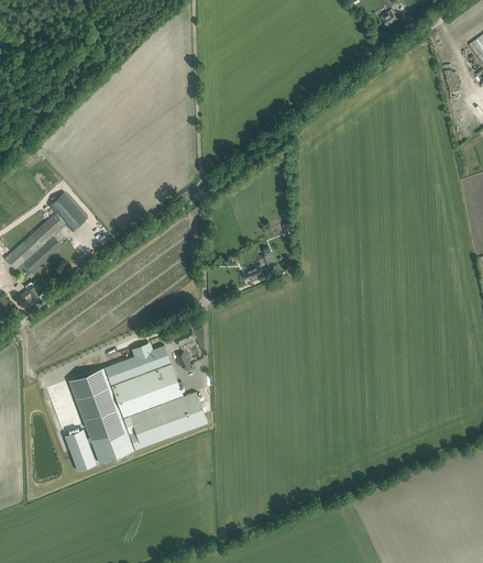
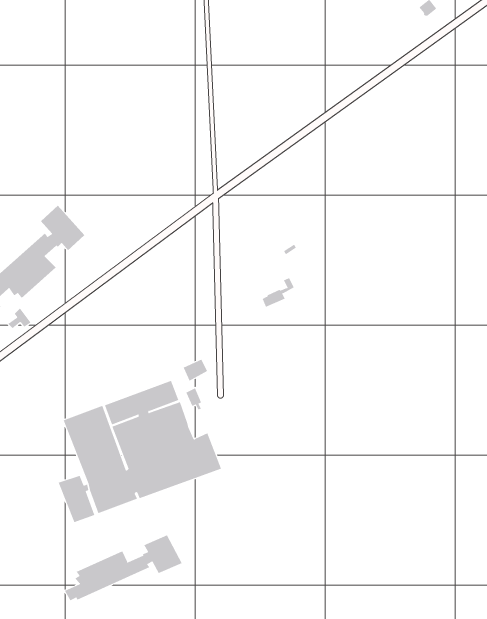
building: none -> [64,535,182,601]

